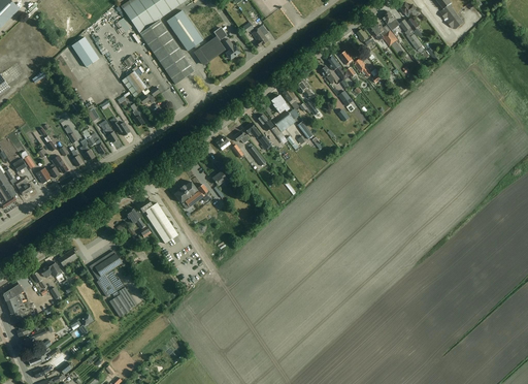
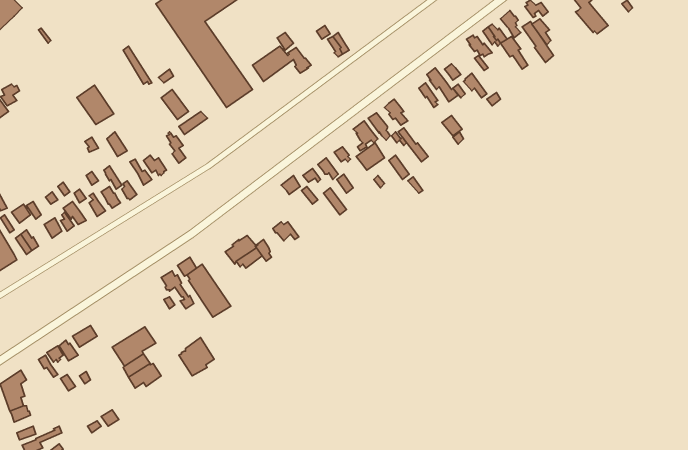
building: [167,9,203,51] -> none
building: [71,36,99,66] -> [77,85,114,125]
building: [109,287,136,316] -> [179,338,214,376]

